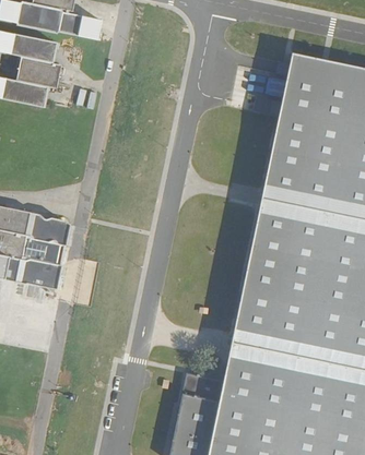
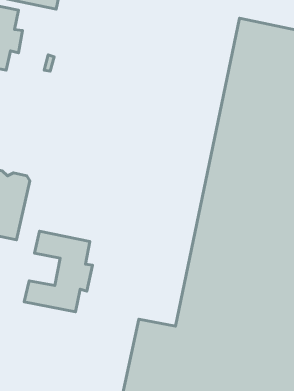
building: none -> [24,231,93,312]

